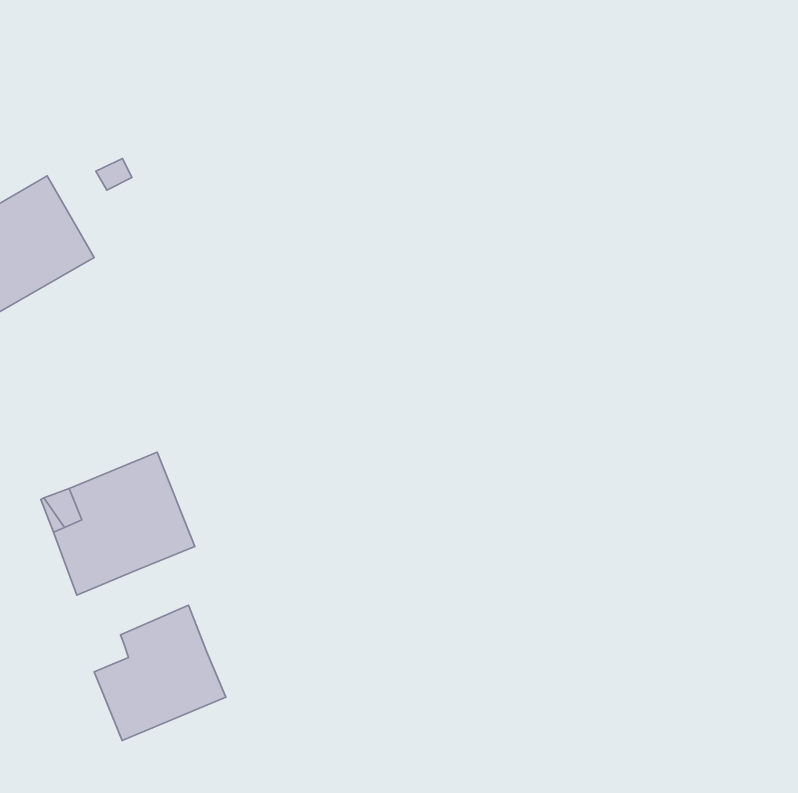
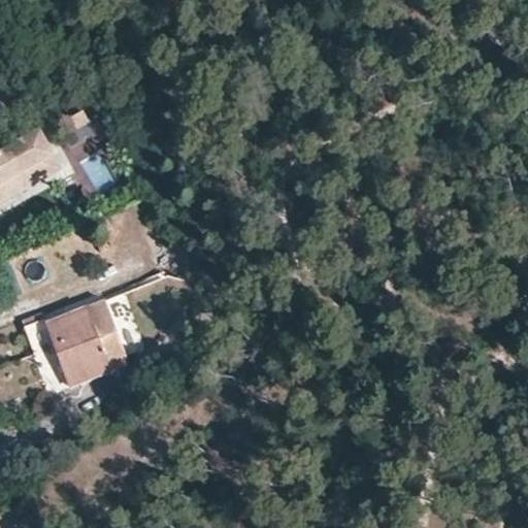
building: [94,605,226,741] -> none

